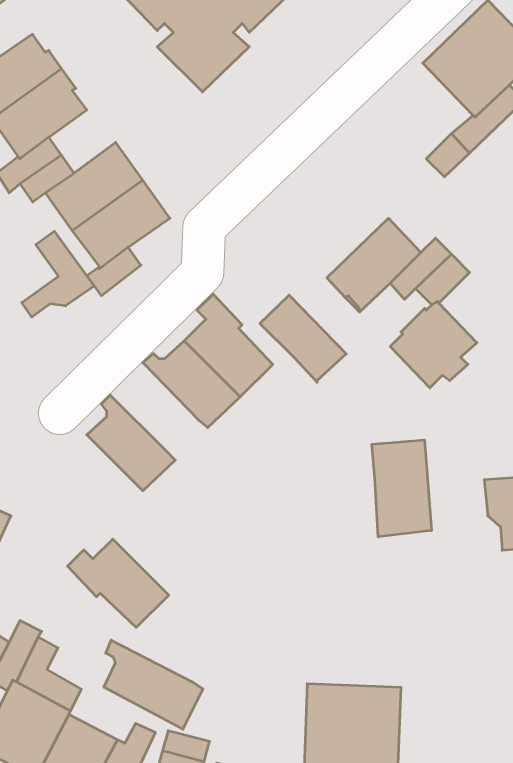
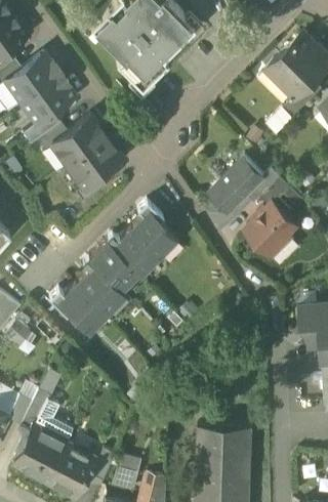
building: [22,231,94,317] -> none
building: [260,295,346,382] -> none
building: none -> [88,241,138,291]
building: [372,440,431,537] -> none
building: [68,539,169,627] -> [49,282,107,332]
building: [104,640,203,729] -> none

